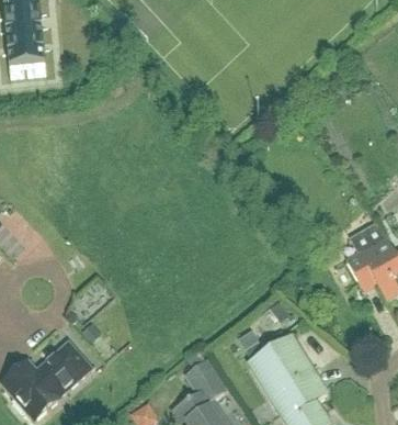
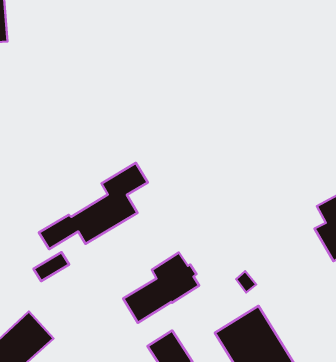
building: none -> [39,163,148,249]
building: none -> [123,252,199,323]

